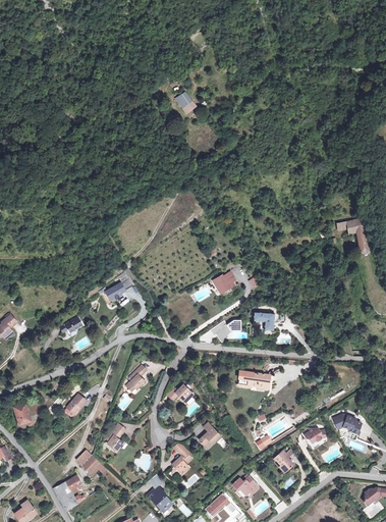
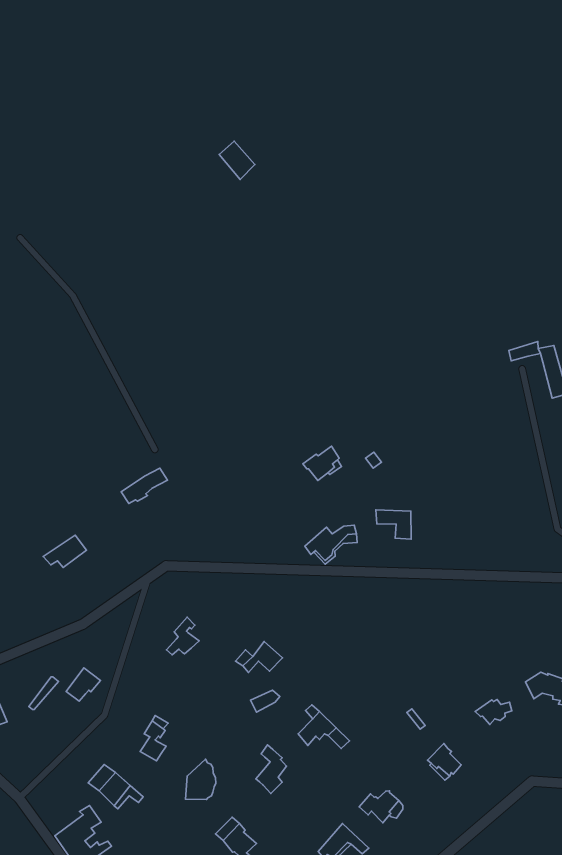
building: [239,372,270,387] -> none

